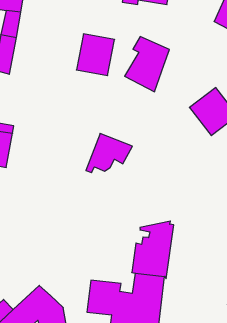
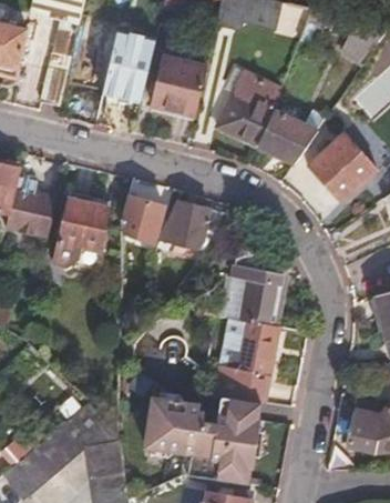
building: none -> [103,31,157,105]
building: none -> [258,109,326,164]
building: none -> [125,194,164,237]
building: none -> [59,200,112,264]
building: none -> [223,249,280,330]

